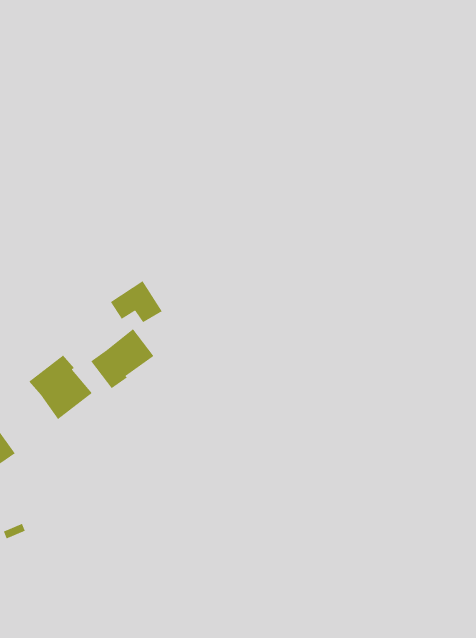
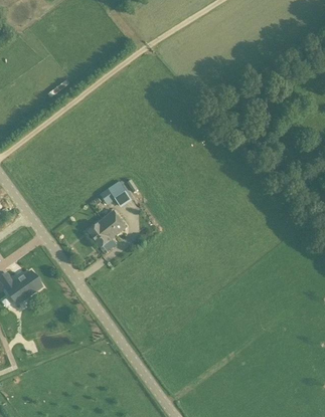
building: [28,354,93,420] -> none

